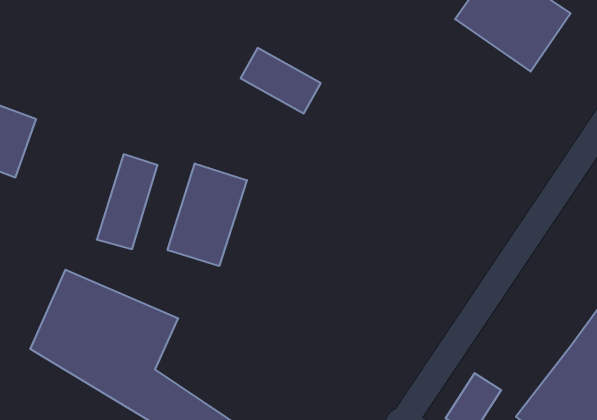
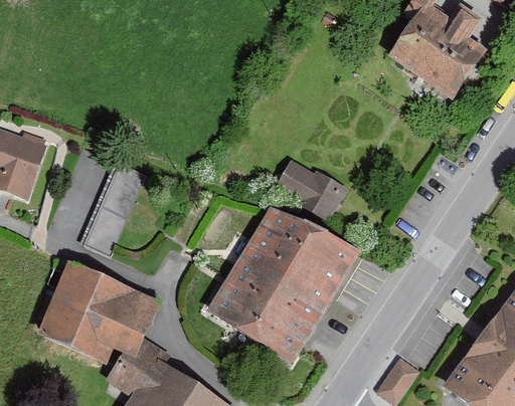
building: [241,48,321,114] -> [279,161,345,215]
building: [168,163,247,266] -> none
building: none -> [224,203,363,351]

